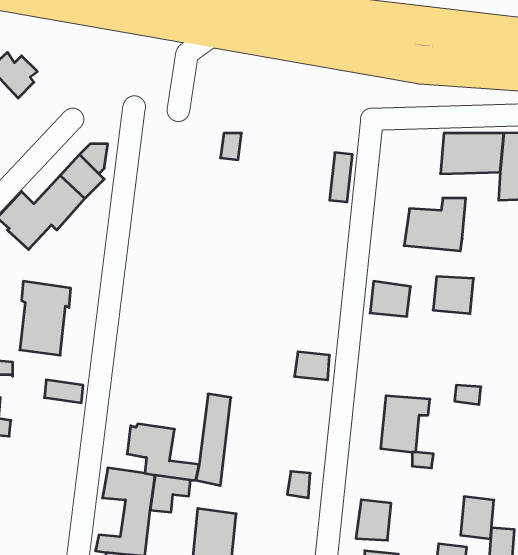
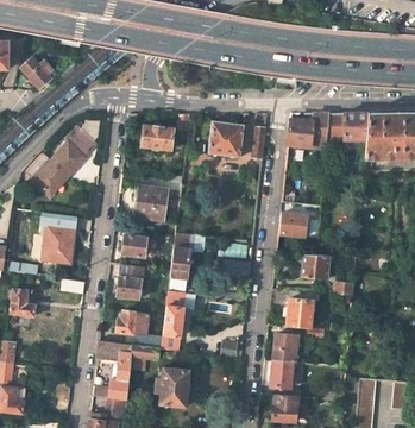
building: none -> [208,121,244,157]
building: none -> [143,126,174,149]
building: [404,198,466,251] -> [287,113,328,149]
building: none -> [136,184,166,220]
building: [433,277,474,314] -> [300,254,327,279]
building: none -> [120,233,151,256]
building: none -> [169,233,197,292]
building: none -> [115,264,140,297]
building: [461,497,494,539] -> [272,334,295,363]

